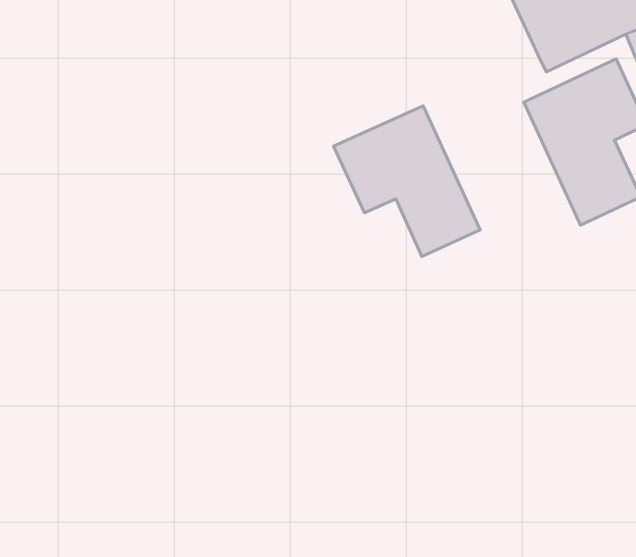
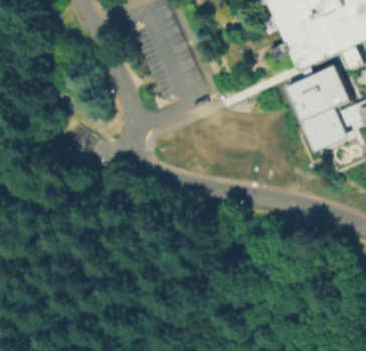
building: [334,106,480,256] -> none

